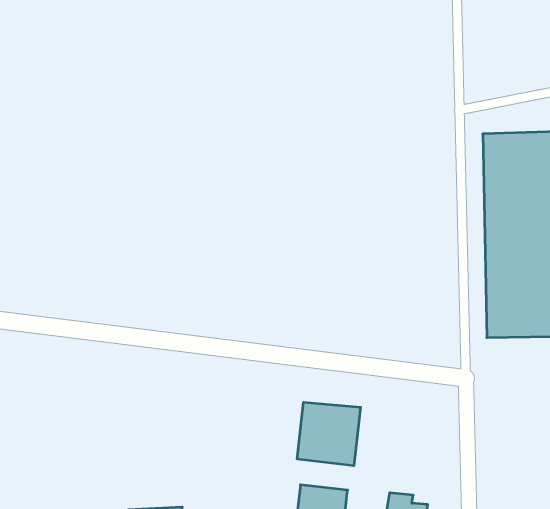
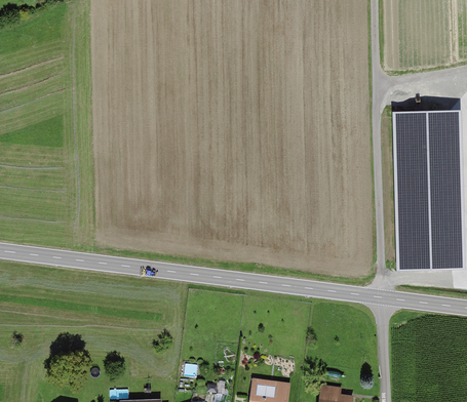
building: [297,402,361,466] -> none

